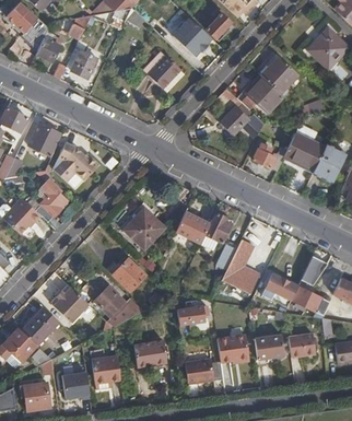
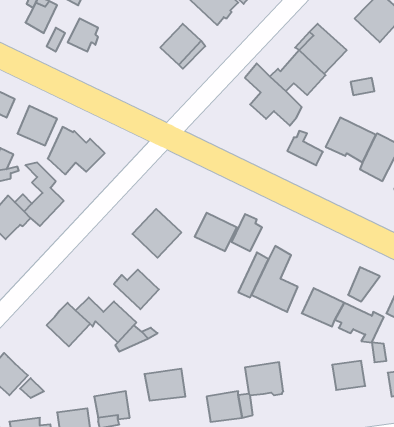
building: [177,305,208,325] -> none
building: [21,306,59,346] -> none
building: [253,335,284,360] -> none

